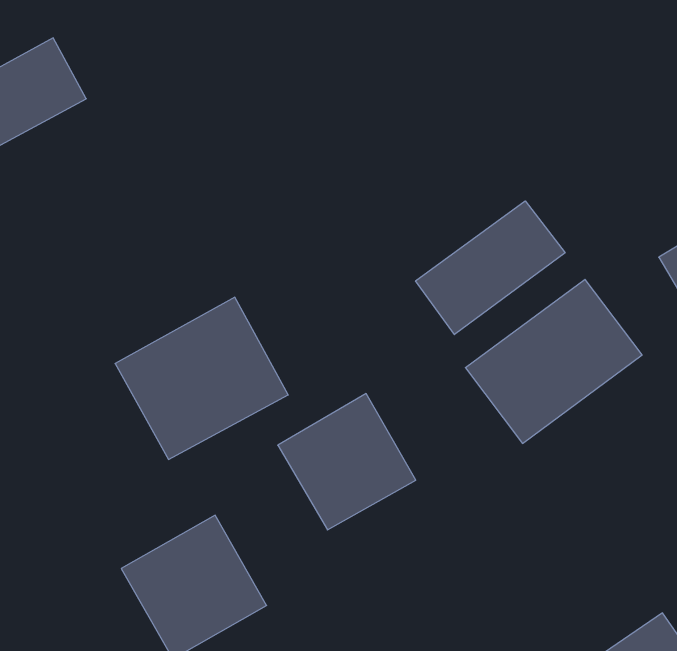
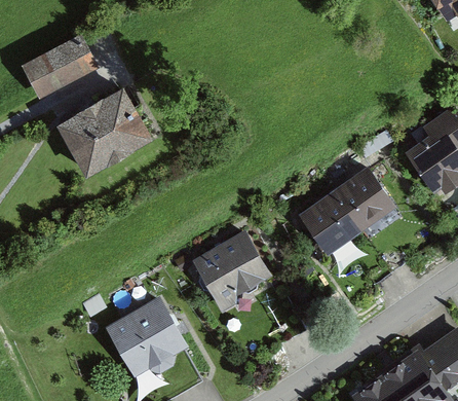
building: [416,201,565,335] -> none
building: [115,297,288,459] -> [51,86,148,177]

